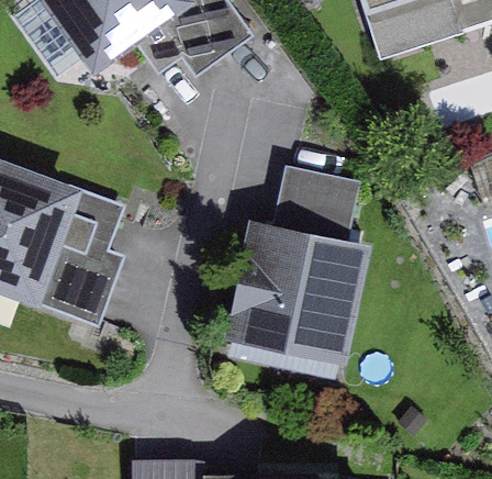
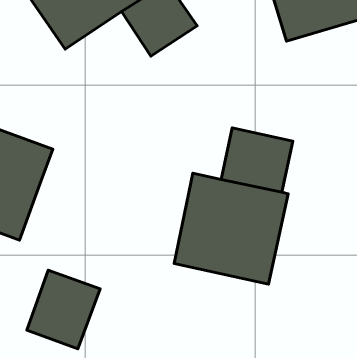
building: [38,226,128,323] -> [27,270,100,349]

